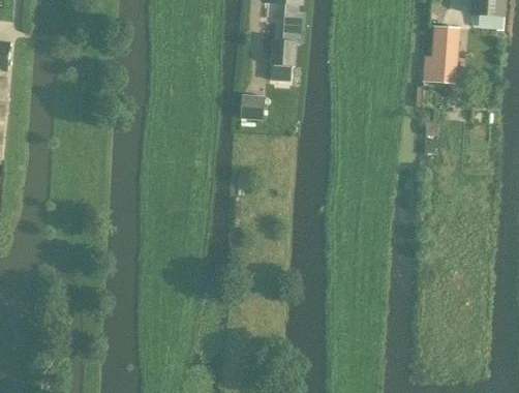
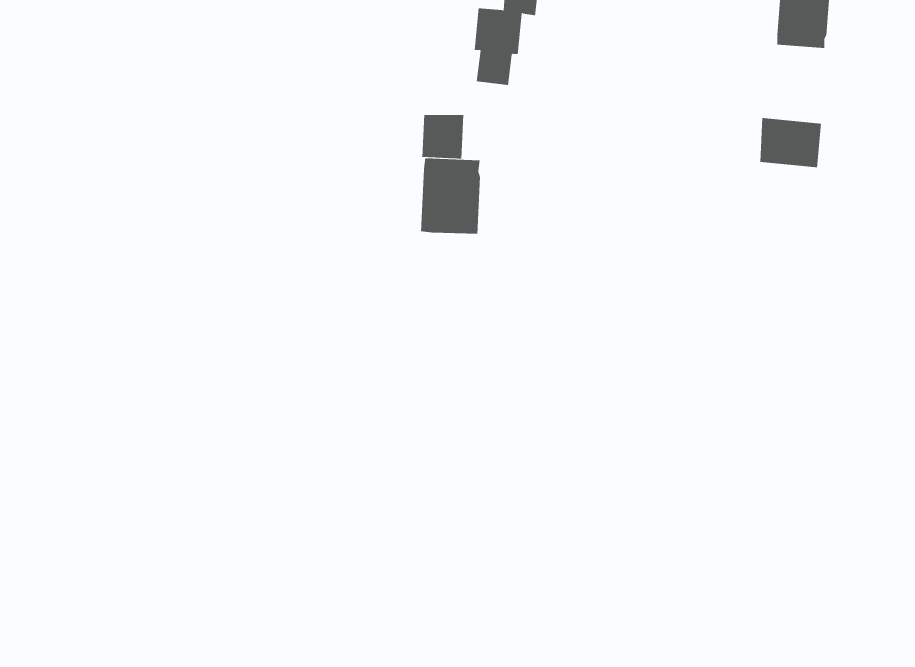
building: [422,58,455,85] -> [760,118,822,168]
building: none -> [420,158,480,234]

